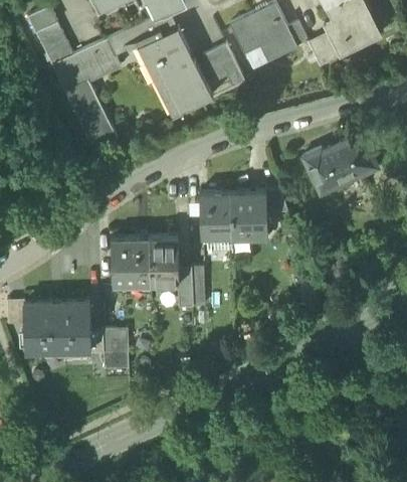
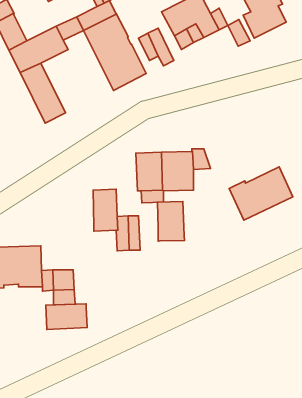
building: [303,130,378,192] -> [229,167,293,220]
building: [111,234,151,284] -> none
building: none -> [157,202,184,241]
building: none -> [46,304,87,330]

